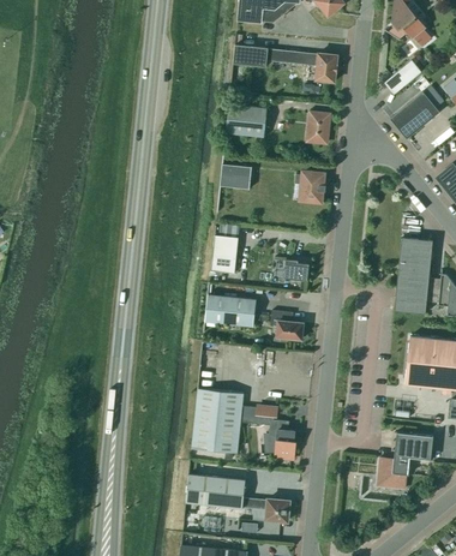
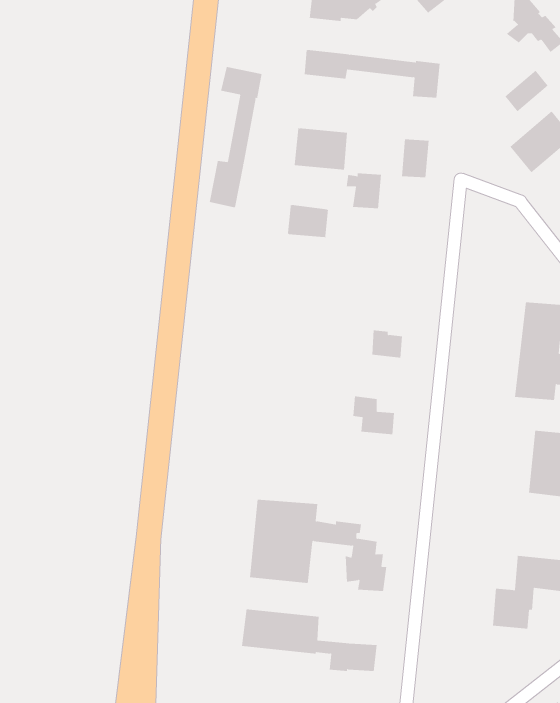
building: none -> [209,66,262,212]
building: [295,173,323,201] -> [346,173,382,209]
building: [210,226,238,274] -> none
building: [203,282,256,333] -> none

